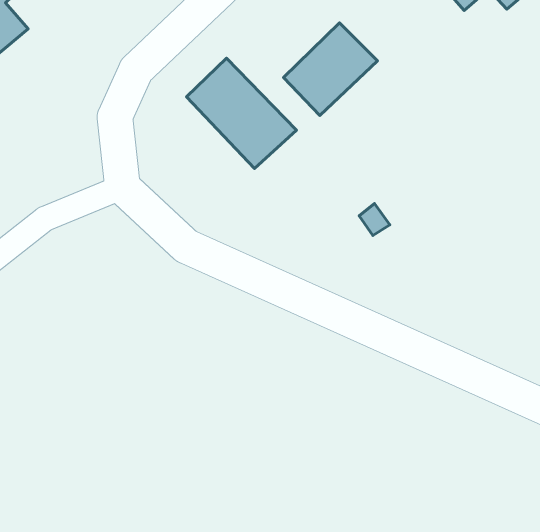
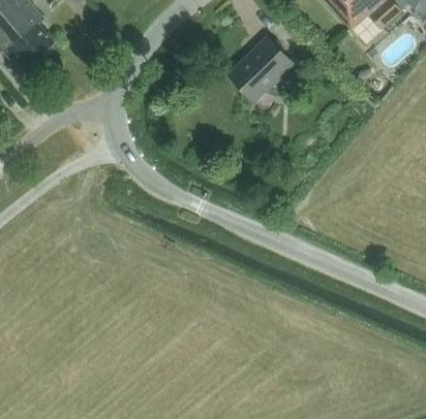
building: [186,58,296,169] -> none

